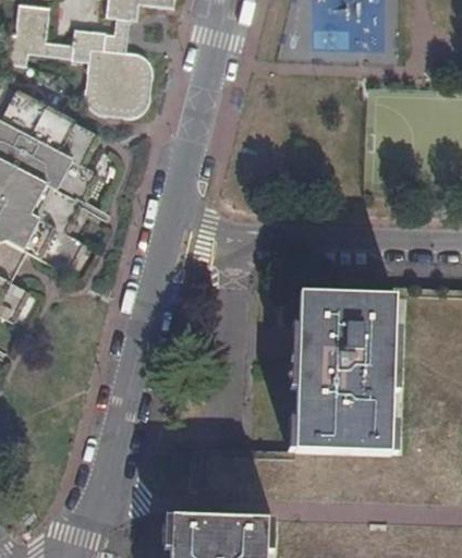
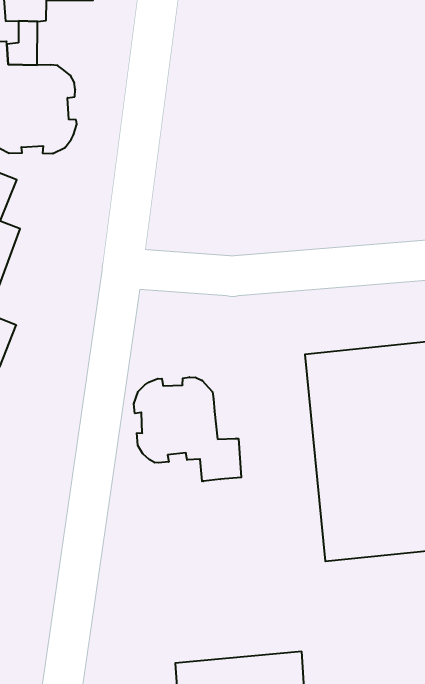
building: none -> [134,377,241,481]

